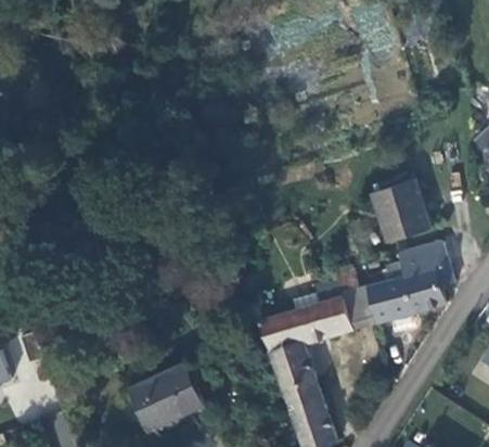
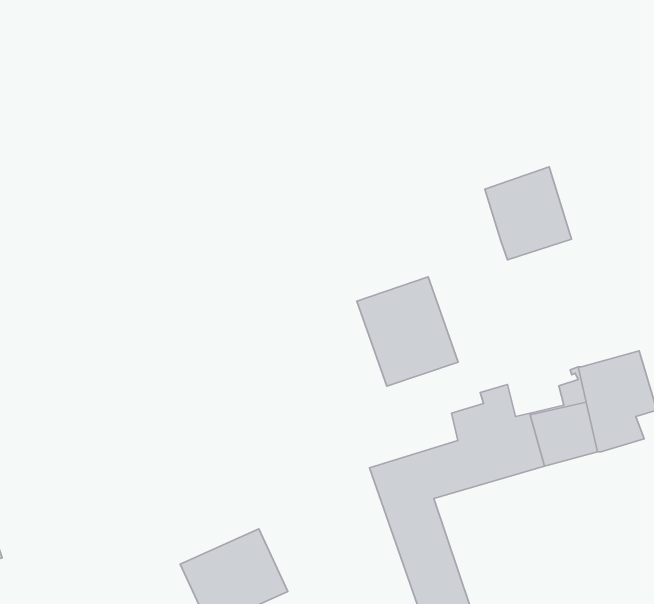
building: [371,179,429,242] -> [485,167,572,260]
building: none -> [357,277,458,386]

